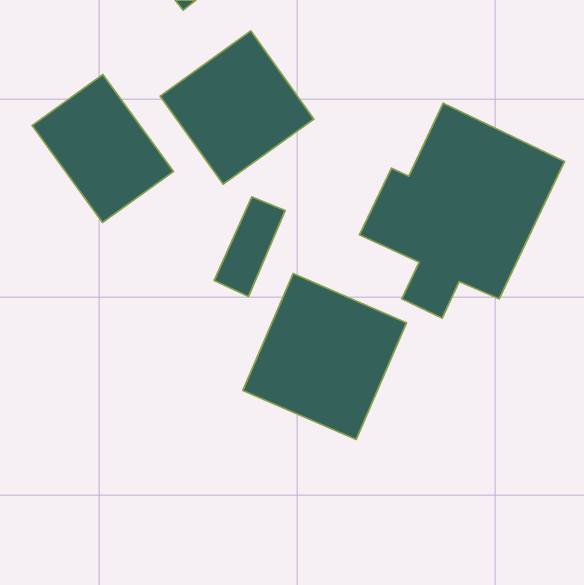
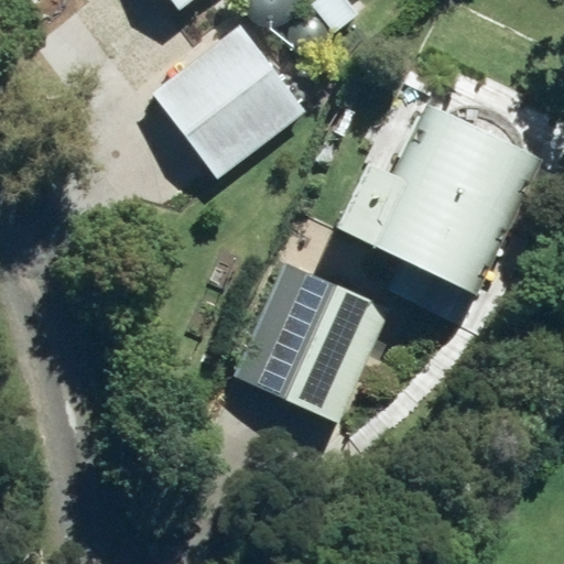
building: [32,75,173,223] -> none

